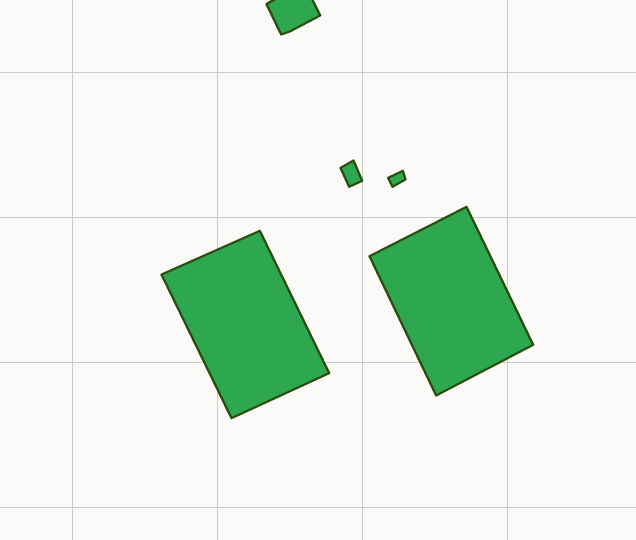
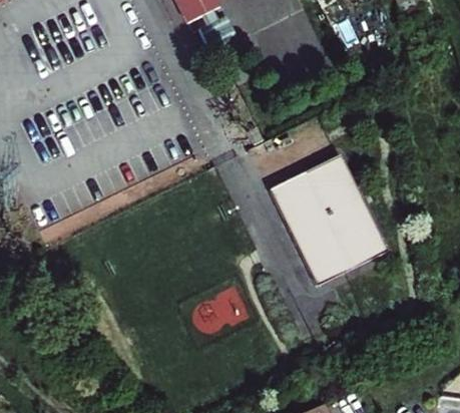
building: [161,231,329,418] -> none

